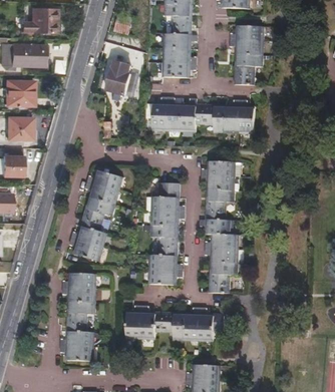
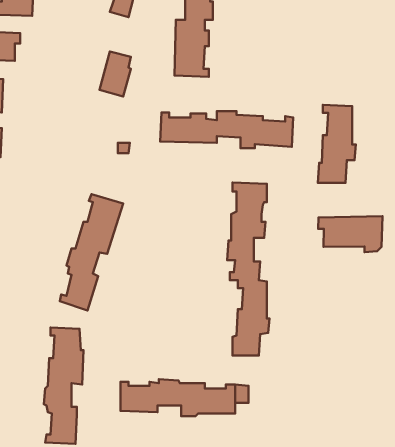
building: [235,27,264,86] -> [318,105,356,183]
building: [146,179,176,281] -> none
building: none -> [318,216,382,252]

